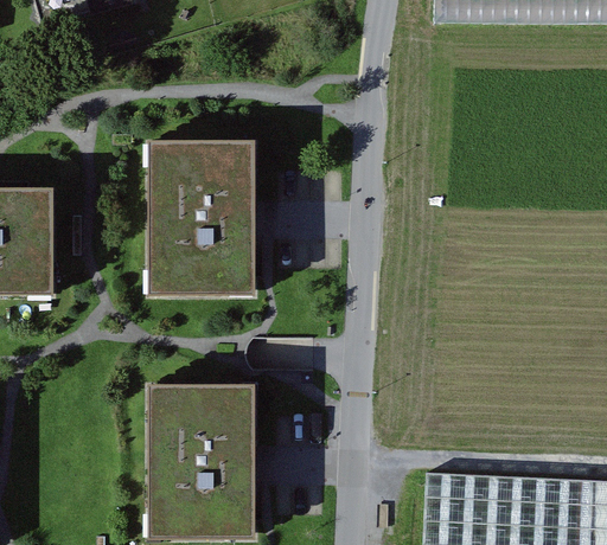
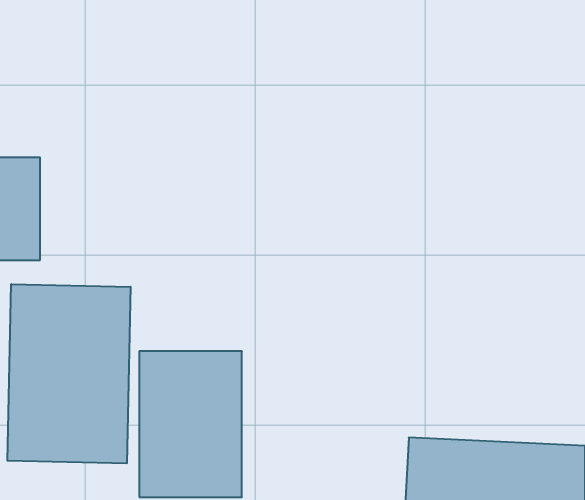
building: [147,142,256,301] -> none
building: none -> [7,284,131,463]

